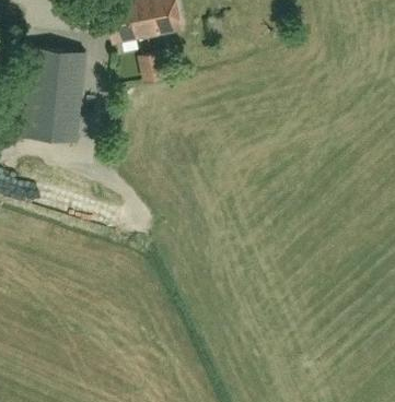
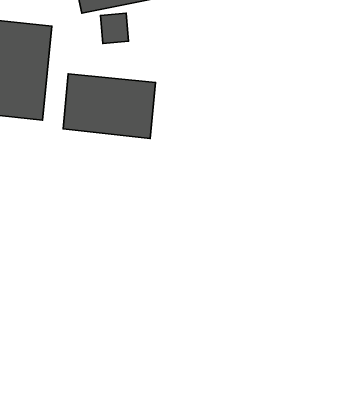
building: none -> [63,74,155,138]

